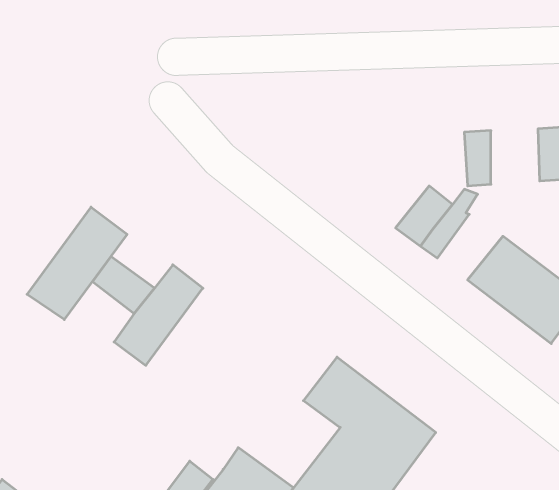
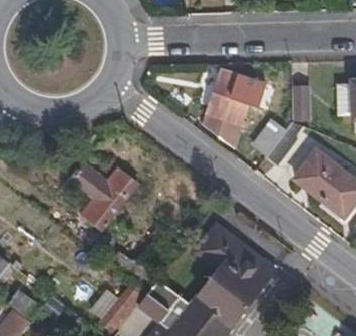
building: none -> [202,69,255,148]
building: [27,207,127,320] -> none

